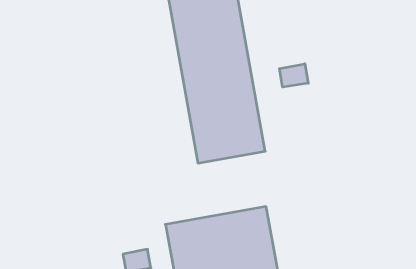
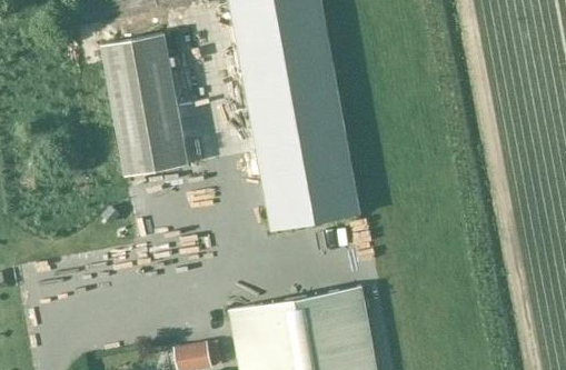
building: none -> [101,34,187,177]
building: [279,64,308,87] -> none

